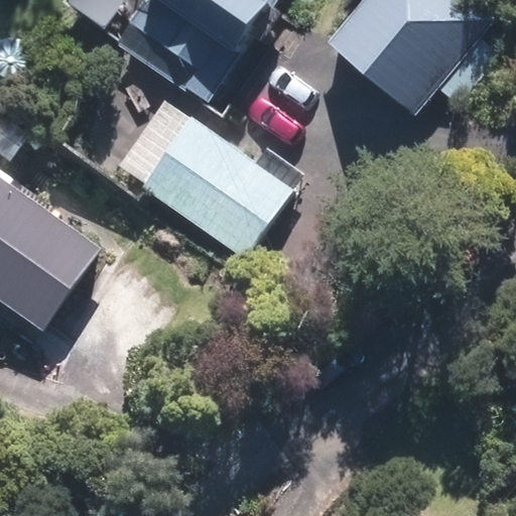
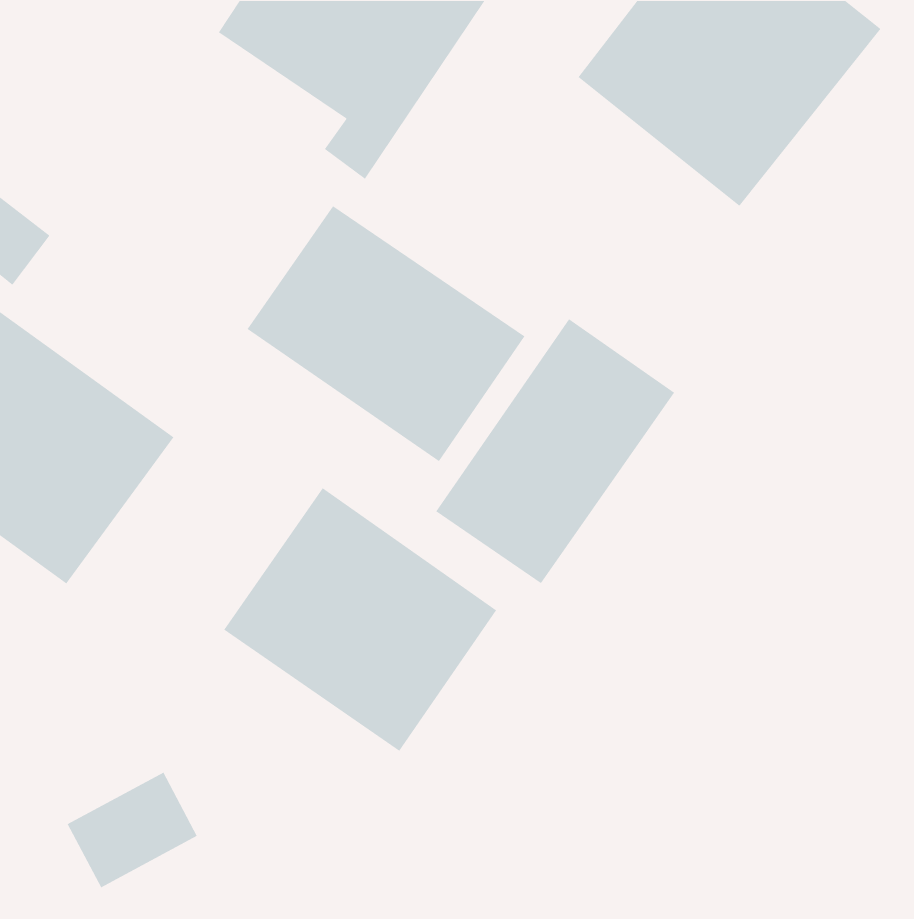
building: none -> [435,318,675,584]
building: none -> [223,487,497,752]

